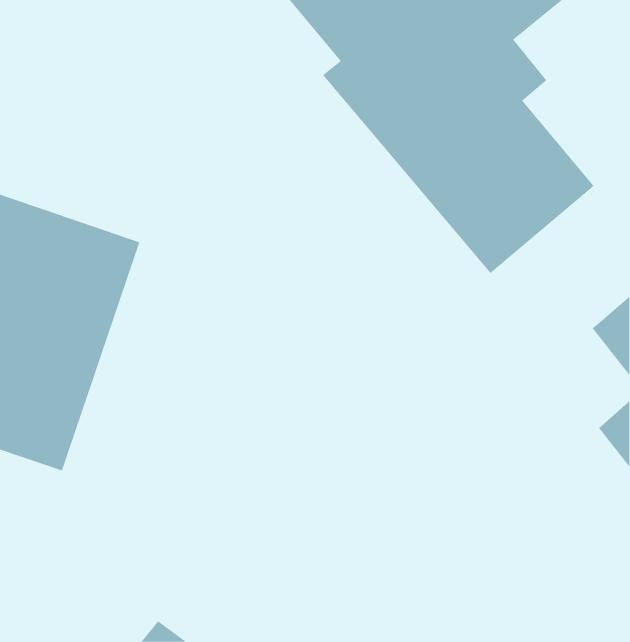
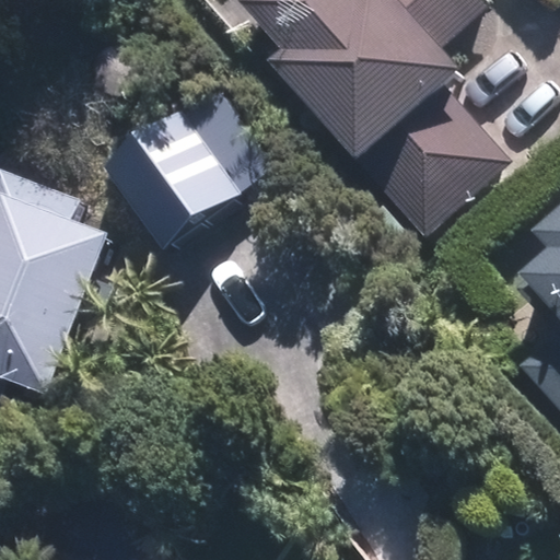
building: none -> [105,103,277,245]

